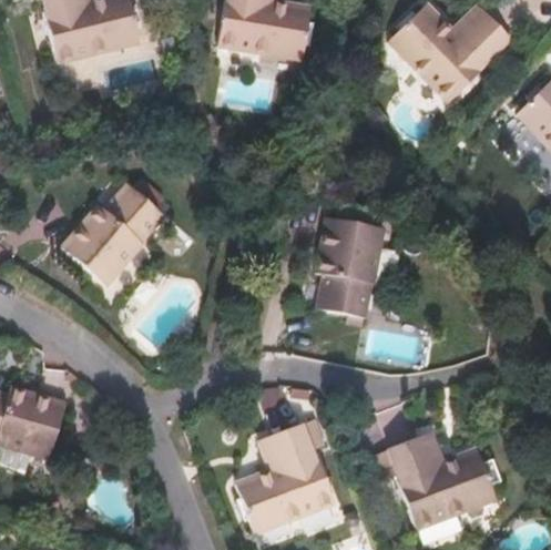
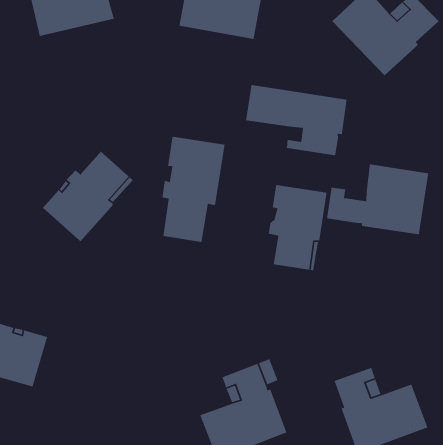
building: none -> [245,84,348,156]
building: none -> [162,136,226,243]
building: none -> [326,163,429,235]

